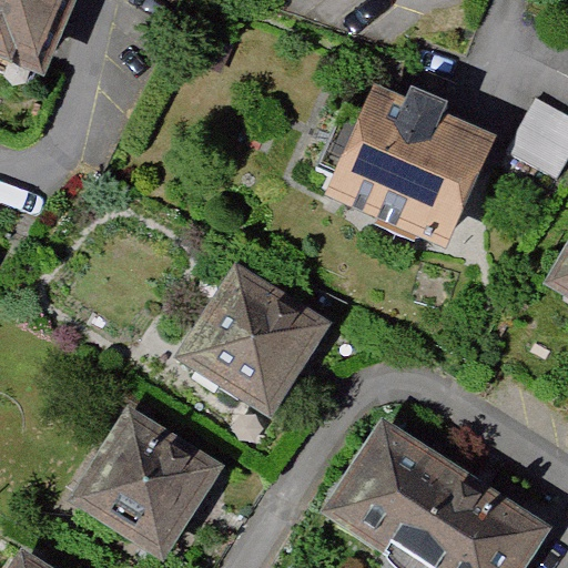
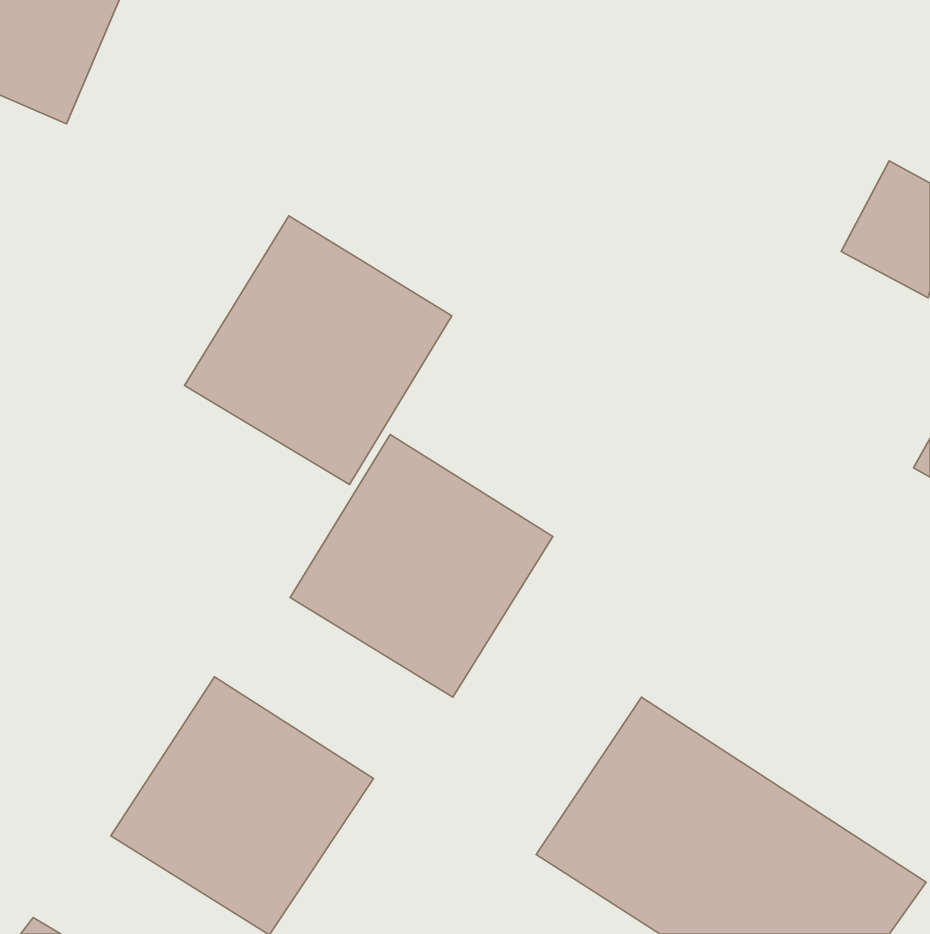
building: [325,81,497,247] -> none
building: none -> [185,216,452,485]

